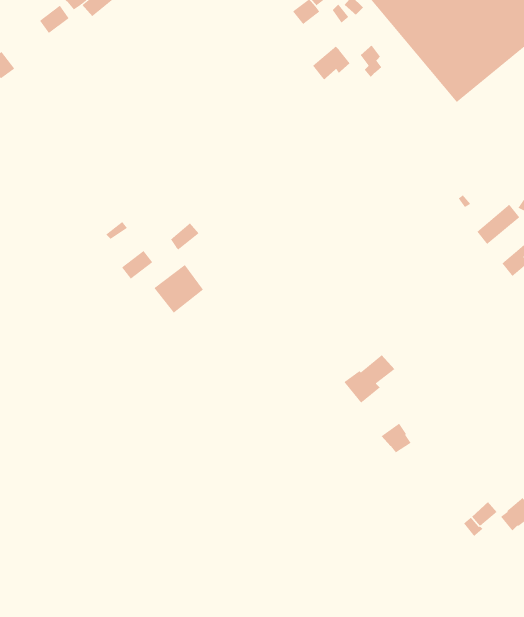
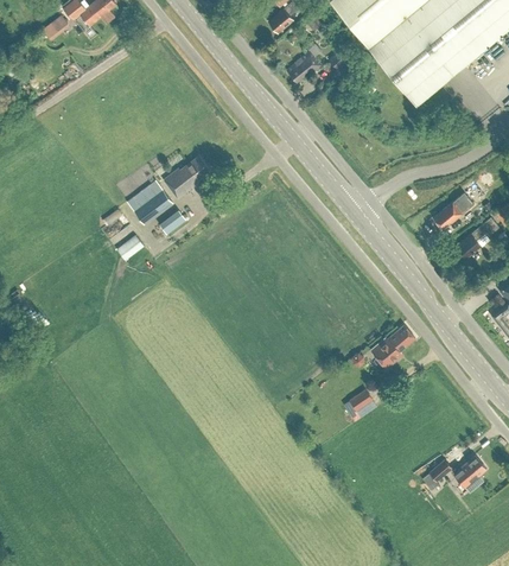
building: none -> [164,154,211,198]
building: [154,264,204,313] -> [128,180,173,224]
building: [344,354,395,404] -> [370,324,416,368]

